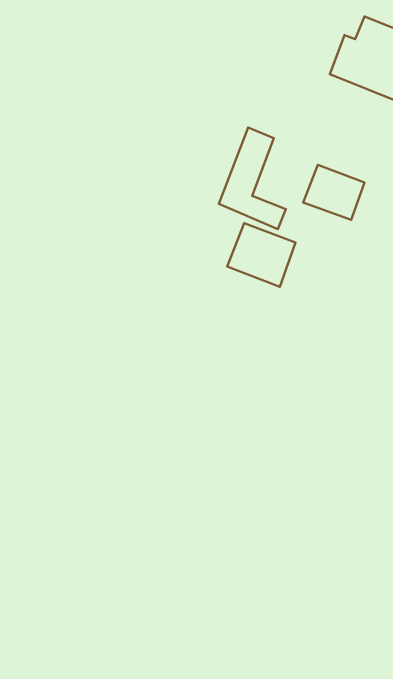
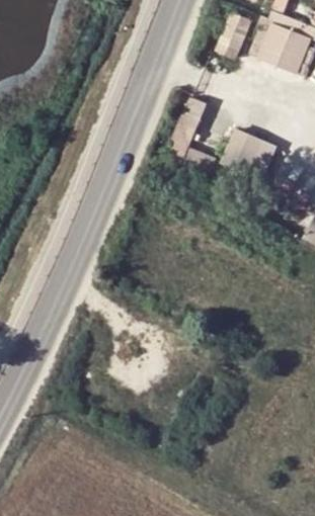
building: none -> [212,11,249,59]
building: [227,223,296,287] -> none

